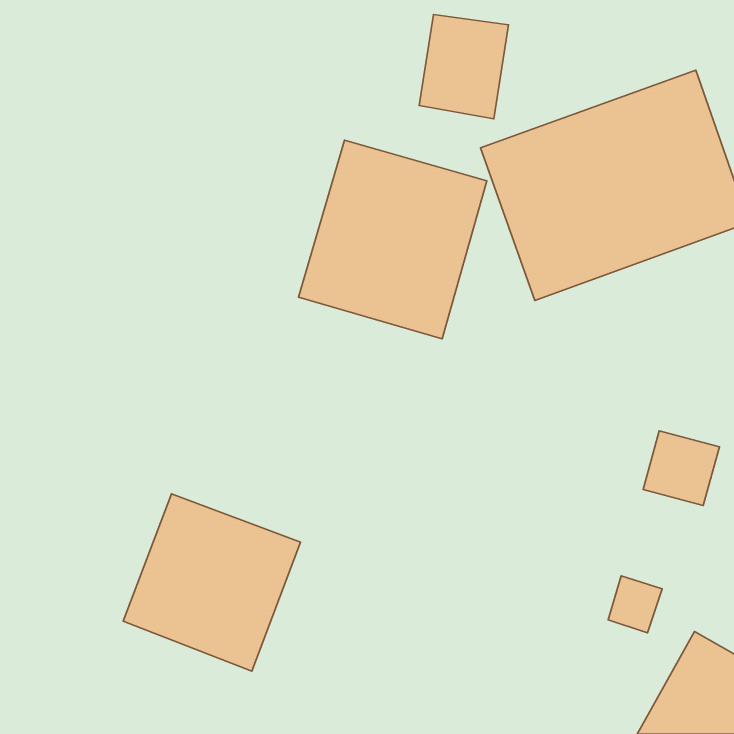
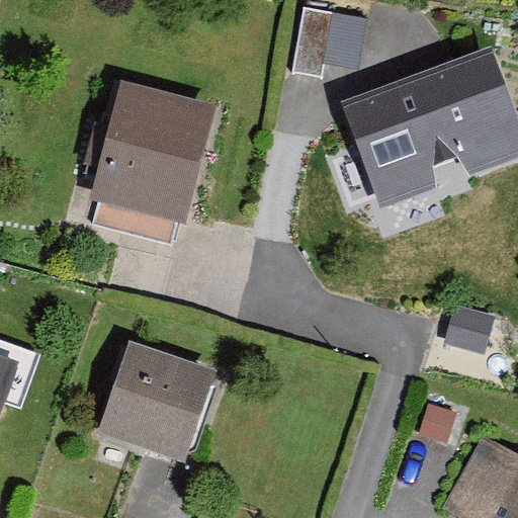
building: none -> [90,81,212,221]
building: [299,140,487,339] -> none

